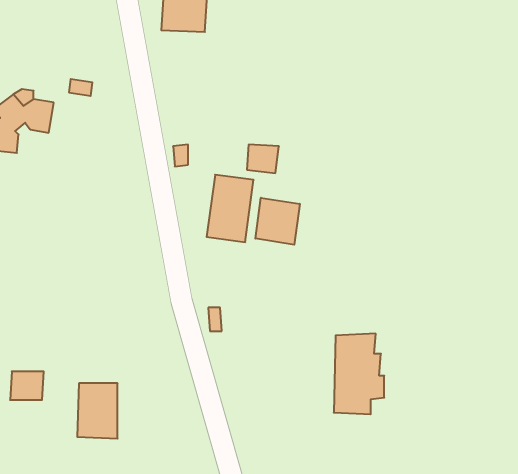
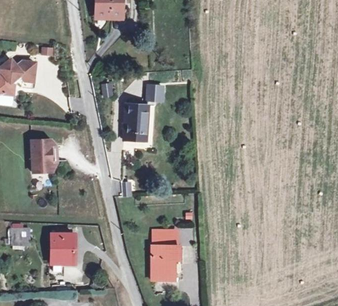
building: [255,198,300,245] -> none
building: none -> [32,137,53,170]
building: [334,334,384,414] -> [149,229,179,277]

